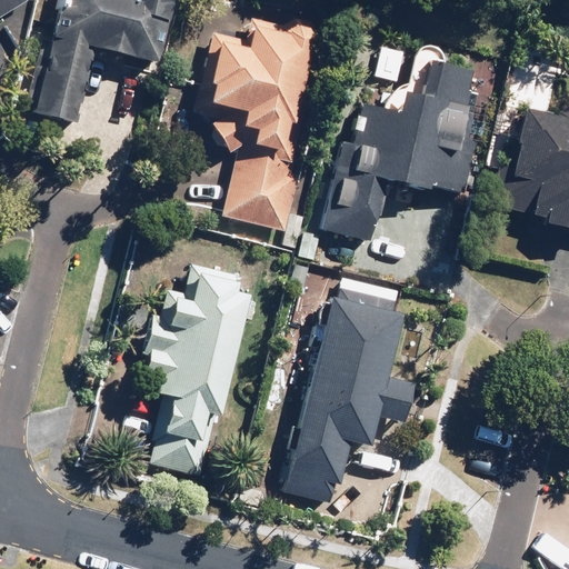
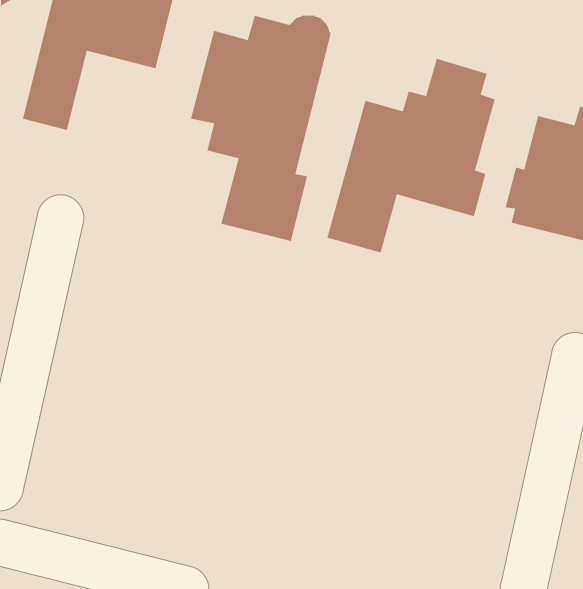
building: [146,258,250,475] -> none
building: [283,288,420,500] -> none

